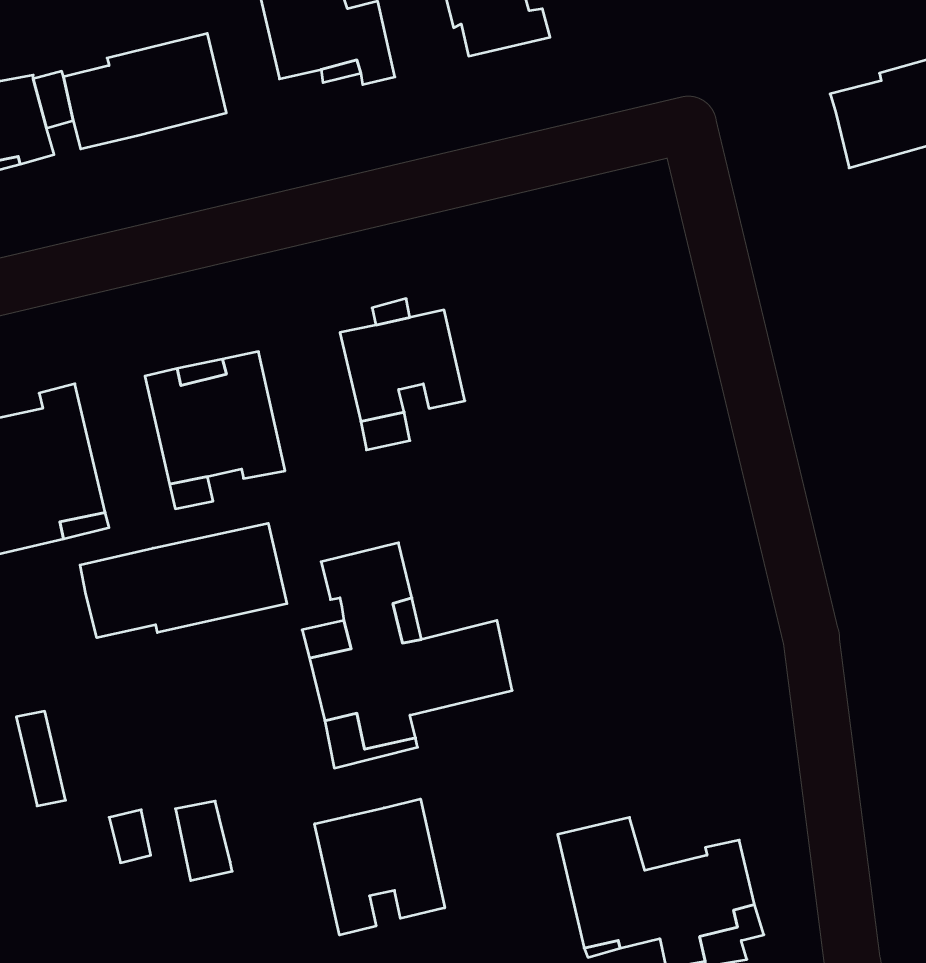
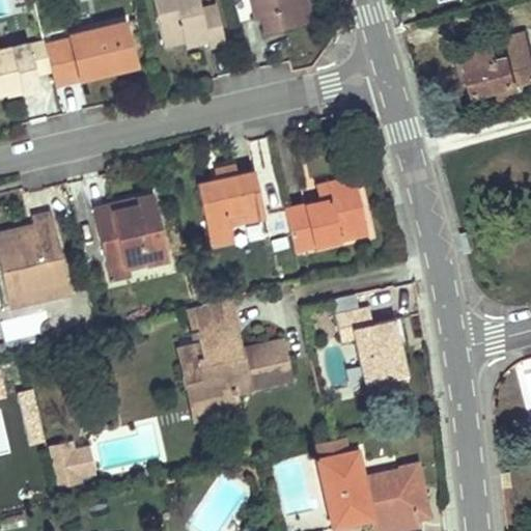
building: none -> [286,175,367,249]
building: [80,523,287,638] -> none
building: none -> [337,307,413,400]
building: [315,799,445,935] -> none
building: [175,801,232,881] -> [48,442,79,485]

